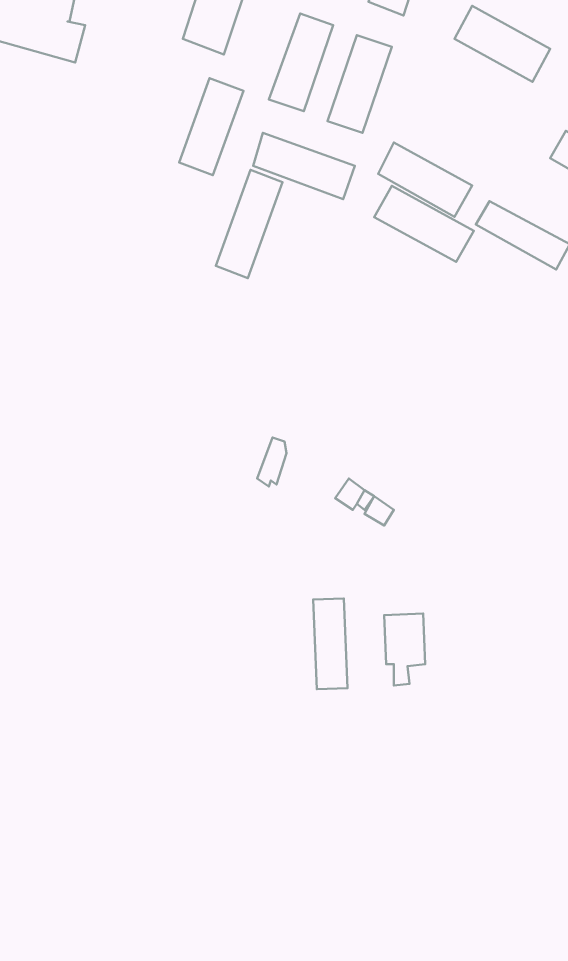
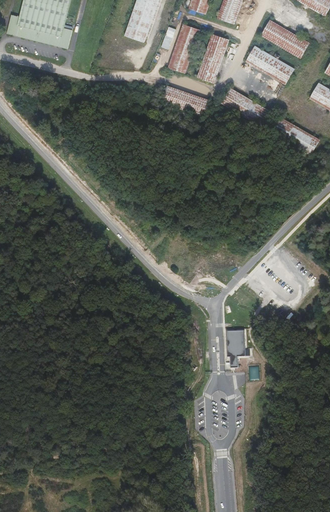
building: [179,78,243,175] -> none
building: [216,170,283,278] -> none
building: [374,186,474,262] -> [244,45,295,84]
building: [313,598,347,689] -> none

